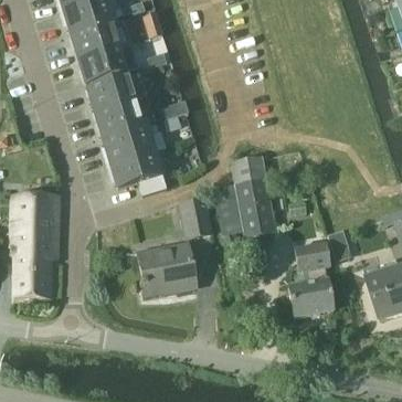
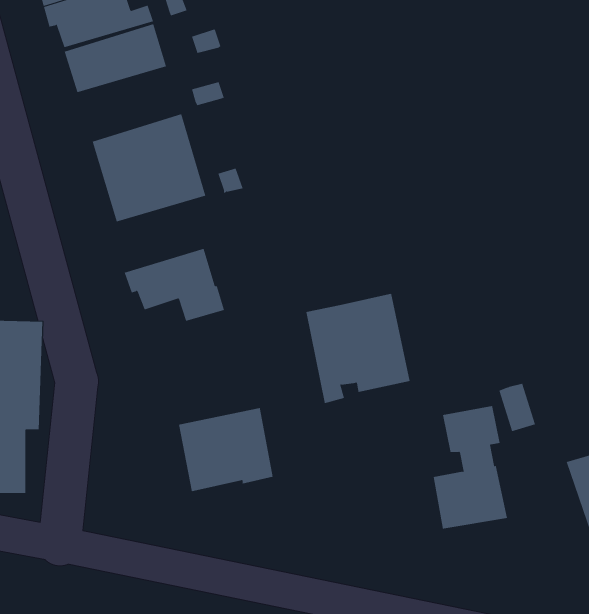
building: [78,44,138,84] -> none
building: [102,120,158,166] -> none
building: [231,157,264,184] -> none
building: [179,200,211,239] -> none

